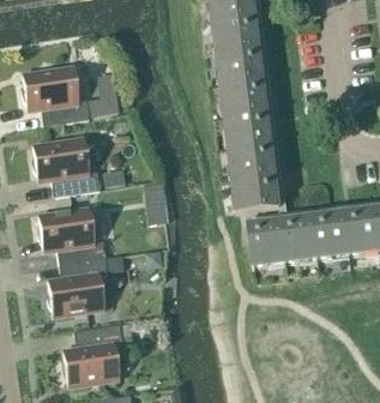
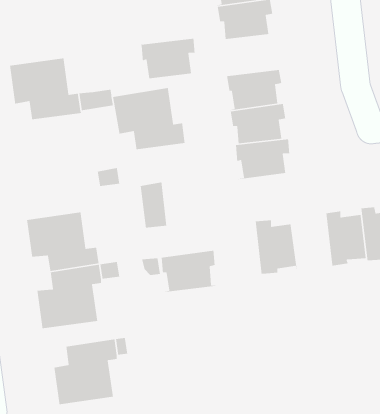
building: [215,44,270,83] -> [138,38,198,80]
building: [31,137,98,194] -> [112,87,185,150]
building: [230,172,285,211] -> [158,250,218,293]
building: [279,209,318,263] -> none

